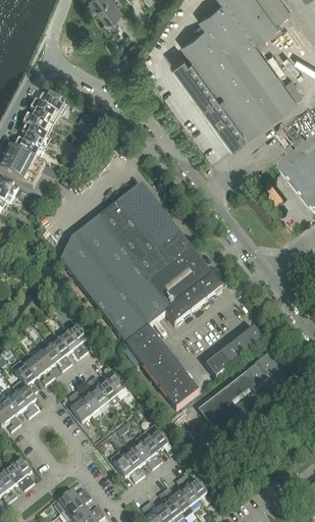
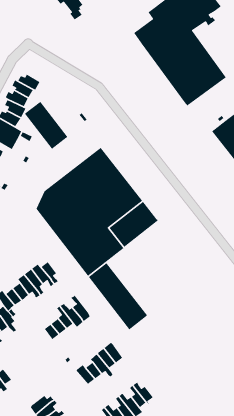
building: [171,52,244,144] -> none
building: none -> [24,101,68,150]
building: [164,273,221,324] -> none
building: [205,327,263,377] -> none
building: [198,354,292,439] -> none

